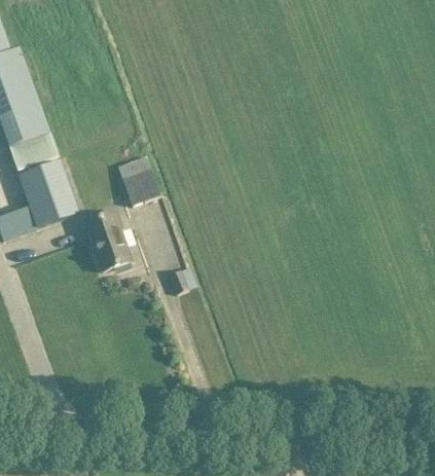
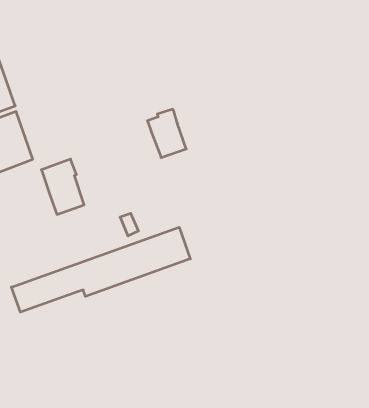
building: [119,153,160,205] -> [147,109,186,158]
building: none -> [11,227,190,312]

